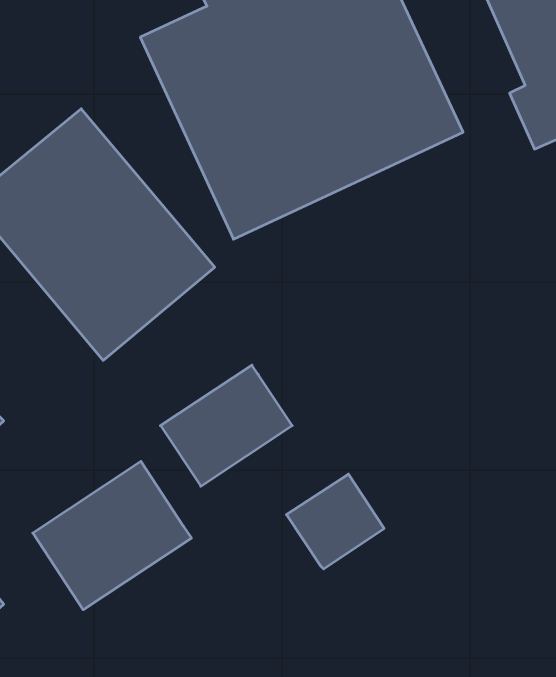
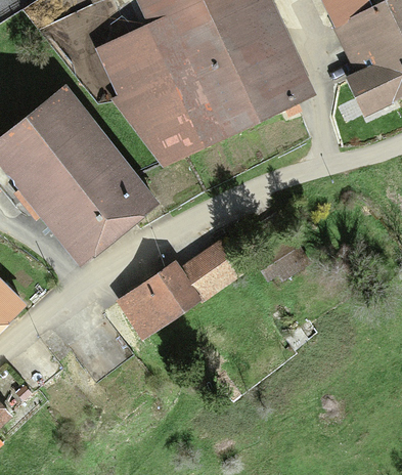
building: [33,461,191,610] -> none
building: [286,474,384,569] -> [179,238,243,300]

